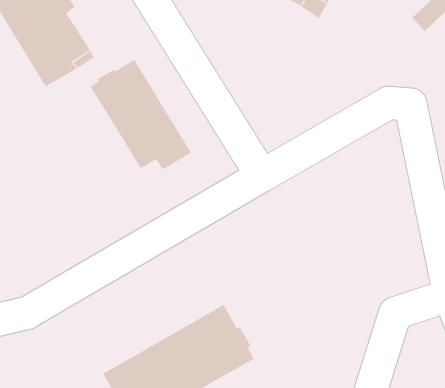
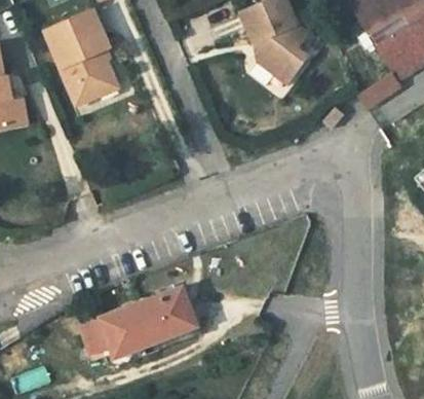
building: [90,59,192,170] -> none

